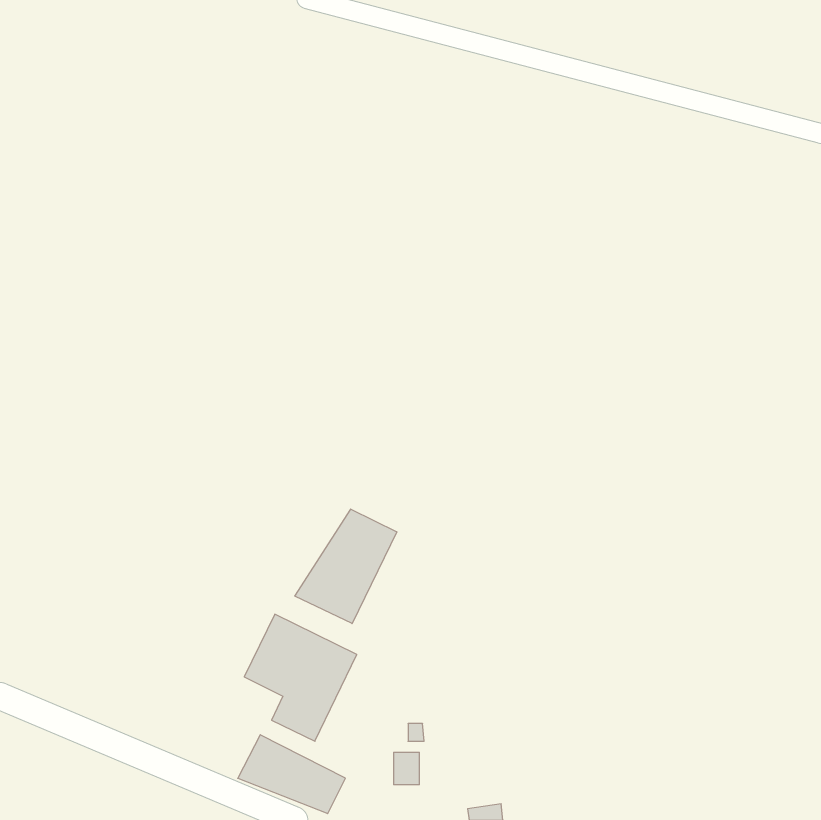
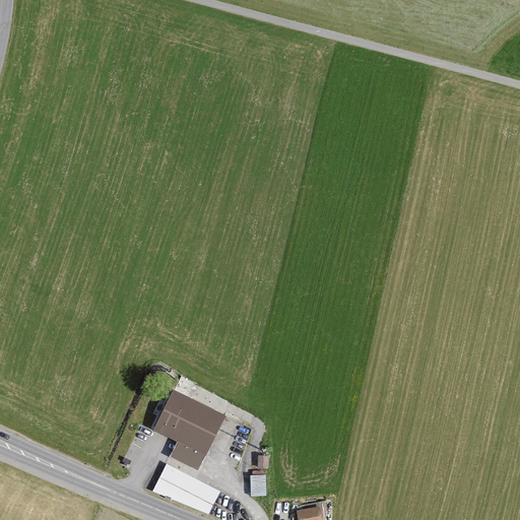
building: [295,509,397,624] -> none

